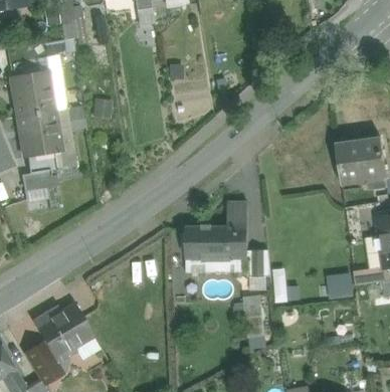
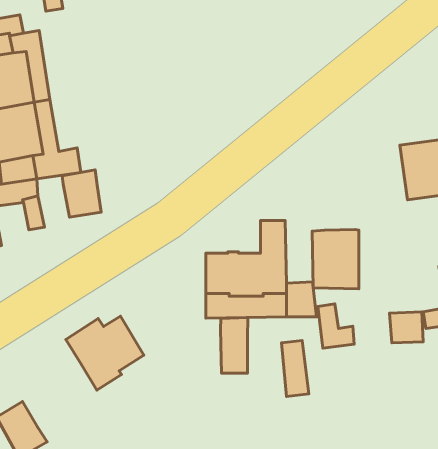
building: none -> [62,170,101,217]
building: none -> [312,230,359,289]
building: none -> [221,318,248,373]
building: [33,305,93,362] -> [66,316,144,390]

